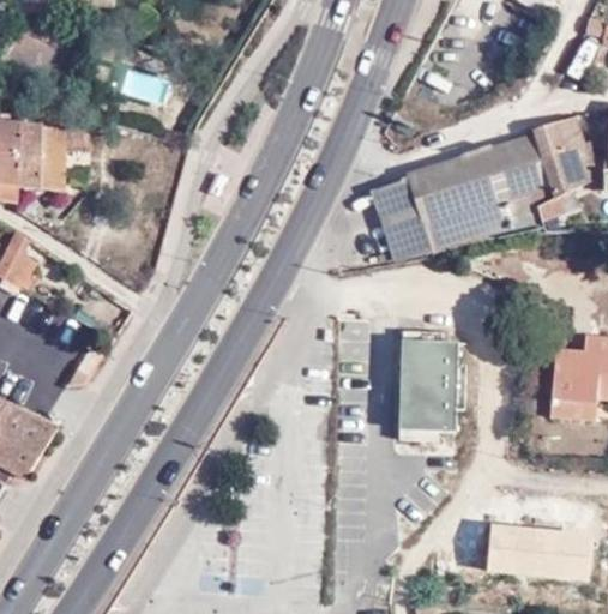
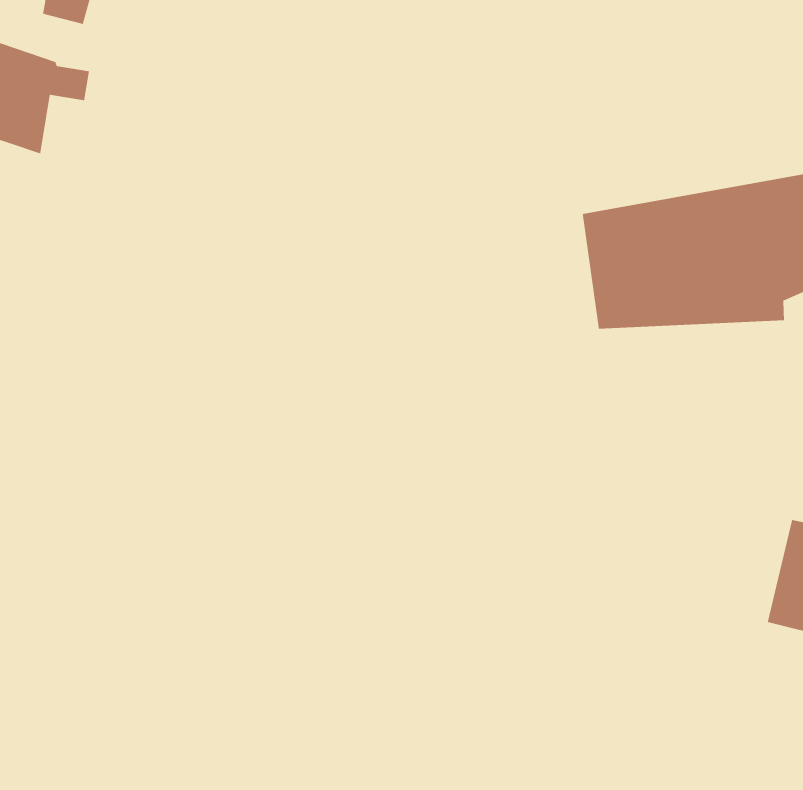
building: [373,179,422,255] -> none
building: [401,339,456,428] -> none

